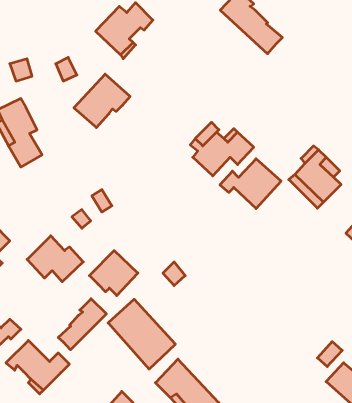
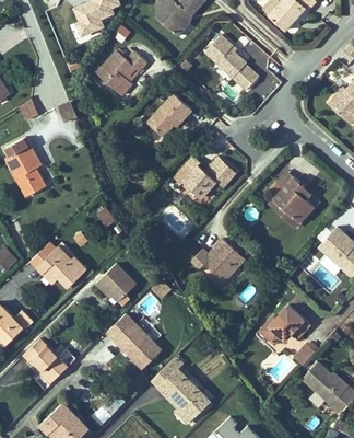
building: [74,74,130,128] -> [148,90,197,137]
building: [220,159,281,209] -> [191,238,245,281]
building: none -> [257,303,308,345]
building: [58,299,106,350] -> none

